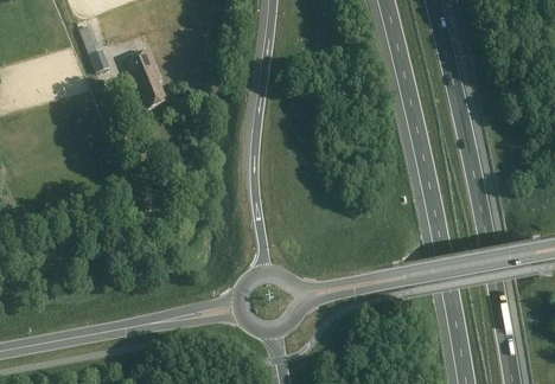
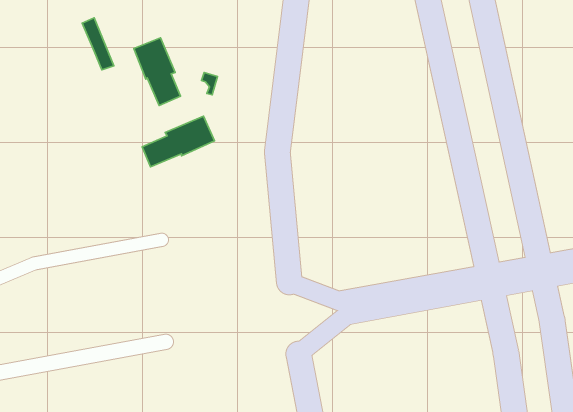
building: none -> [142,116,214,167]

